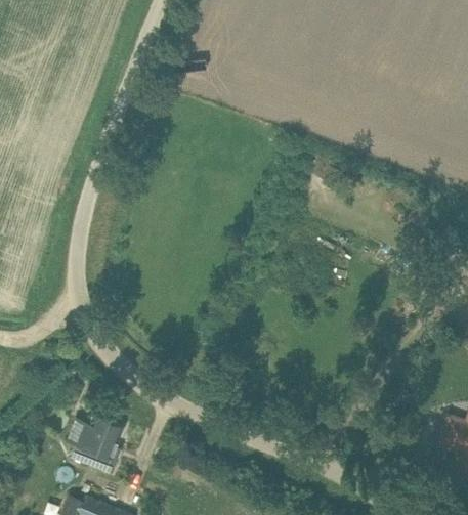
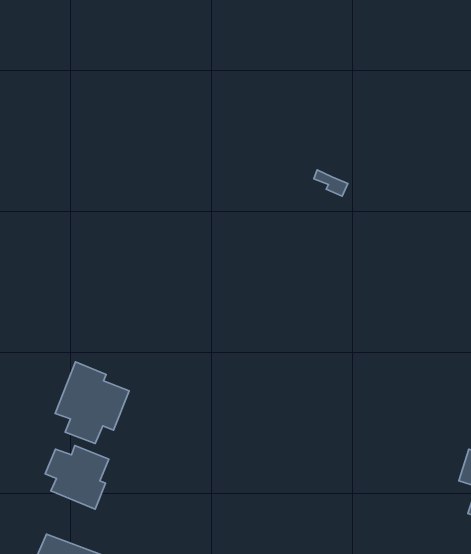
building: none -> [55,362,129,444]

